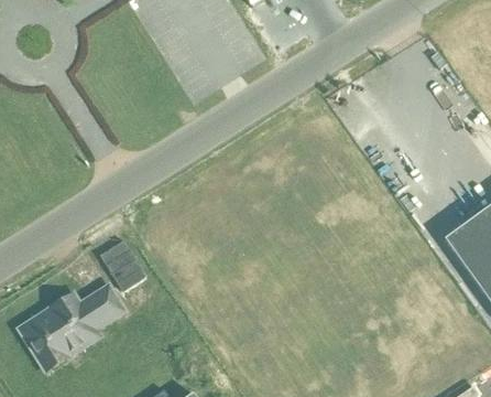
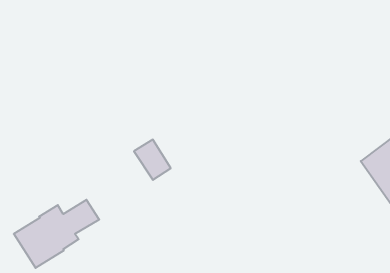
building: [101,242,146,291] -> [134,140,171,180]

